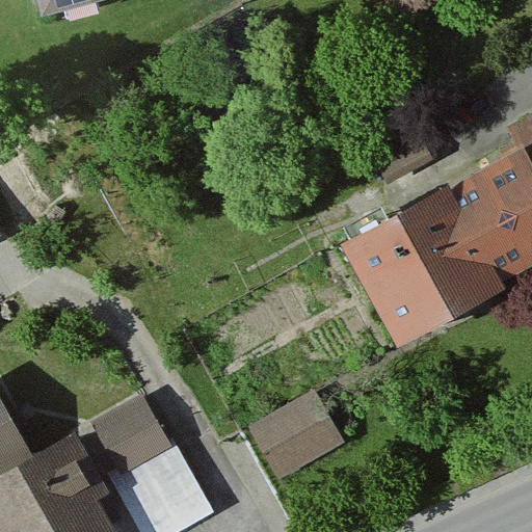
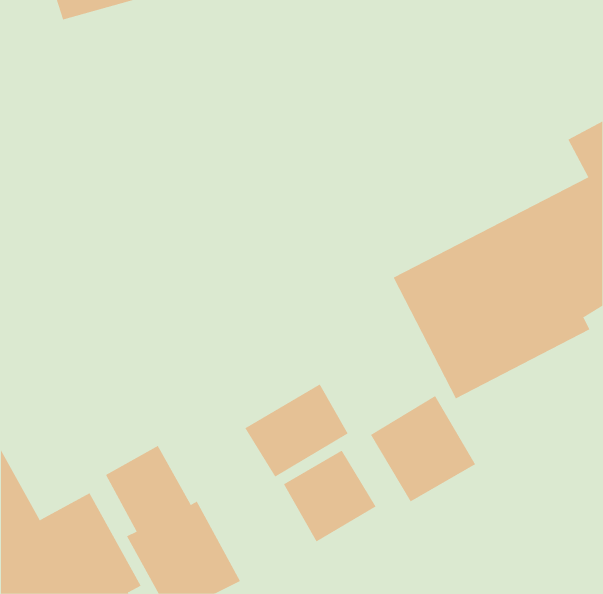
building: none -> [245,383,348,478]
building: none -> [370,395,476,502]

